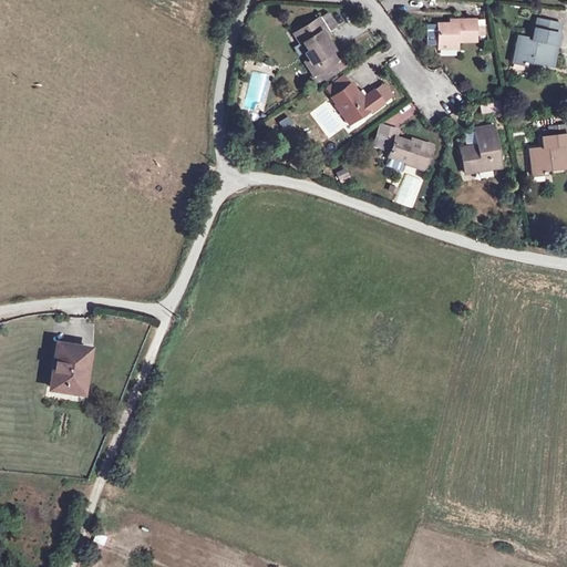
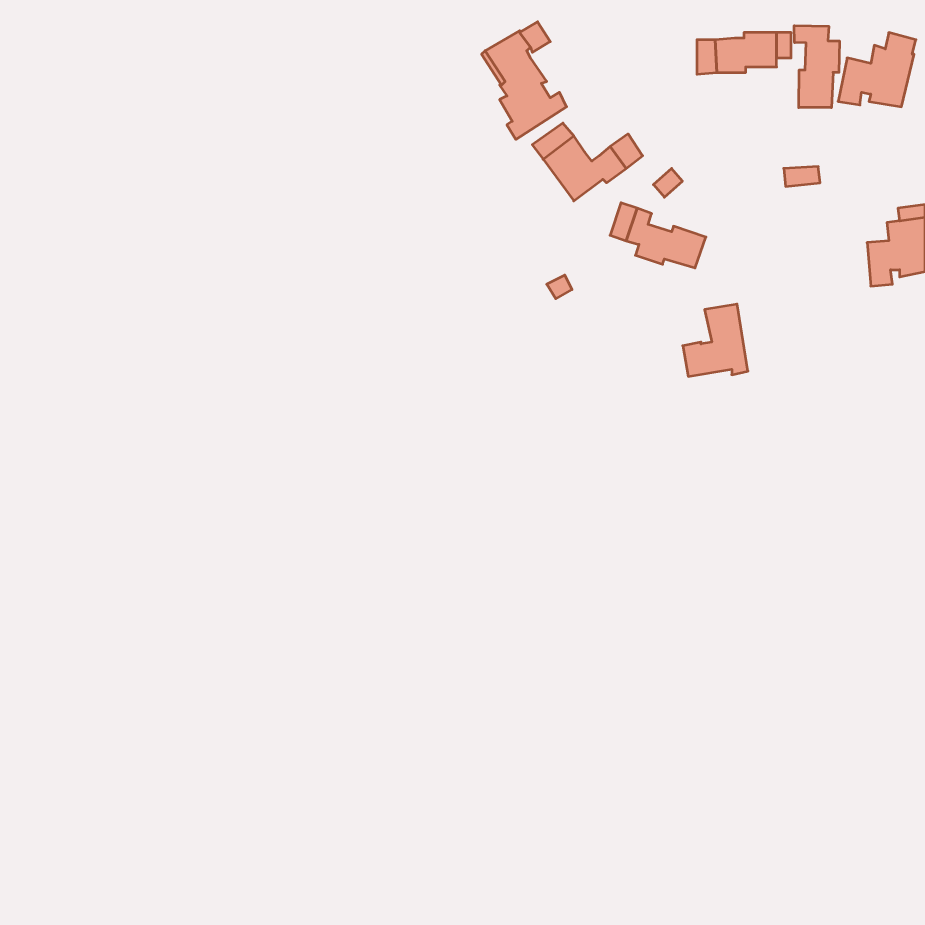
building: none -> [794,26,839,108]
building: [461,125,501,169] -> [683,304,748,376]
building: [51,343,85,392] -> none

